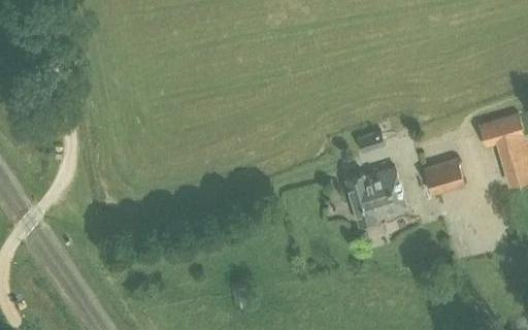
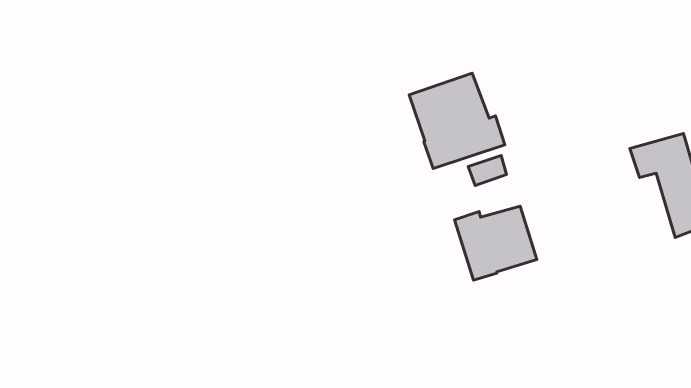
building: none -> [409,73,505,169]
building: [423,158,464,194] -> none

